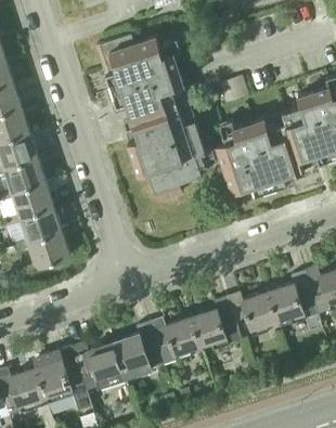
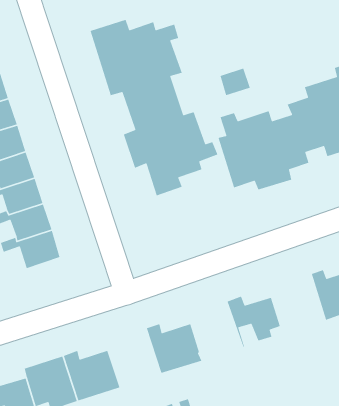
building: [267,271,318,324] -> none
building: [191,297,240,349] -> none
building: [113,322,163,378] -> none

